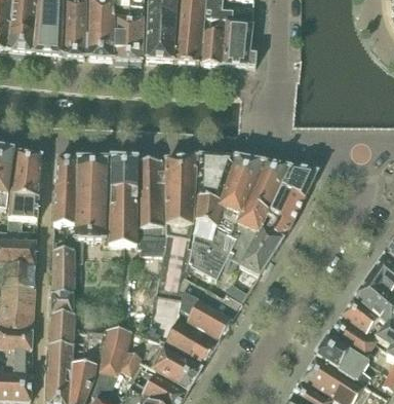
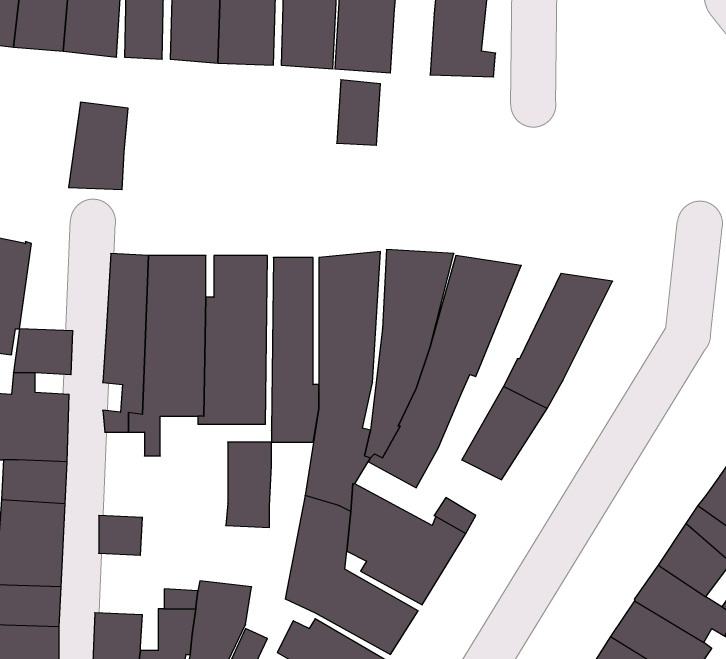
building: [202,30,225,64] -> [337,80,380,145]
building: [10,151,41,196] -> [69,102,128,190]
building: [227,162,289,263] -> none
building: [51,249,75,293] -> [226,442,271,527]
building: [49,311,75,343] -> none

